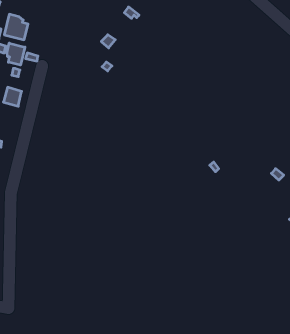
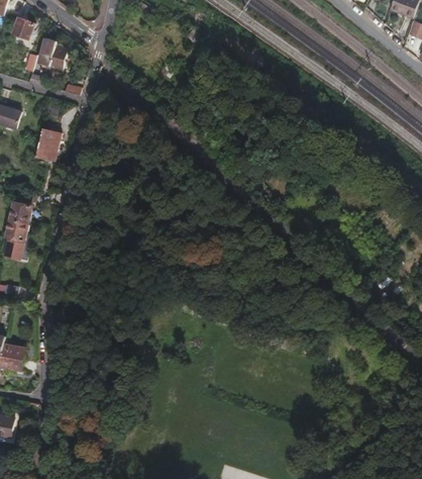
building: [7,43,25,65] -> none

